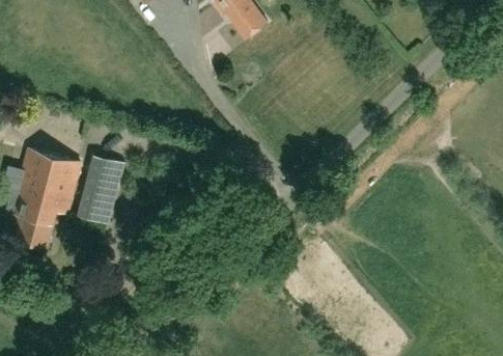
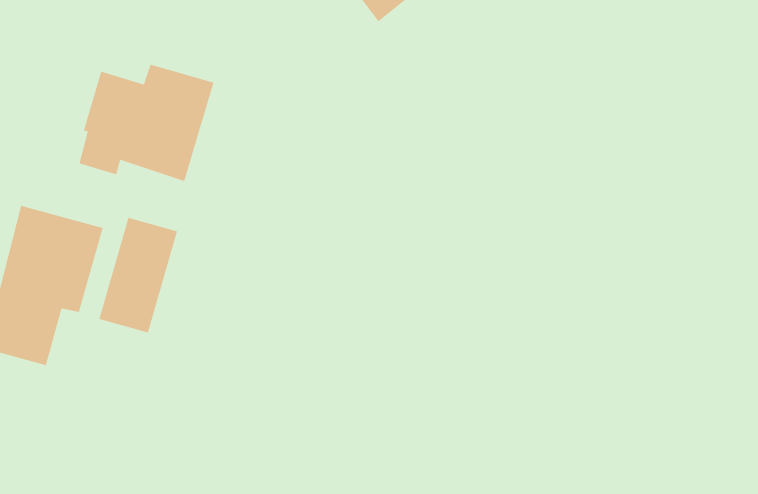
building: none -> [79,64,214,182]

